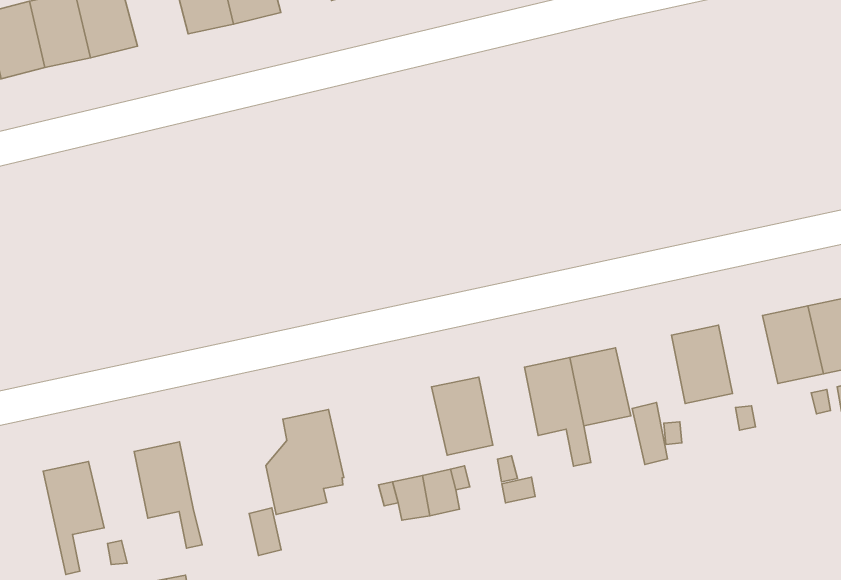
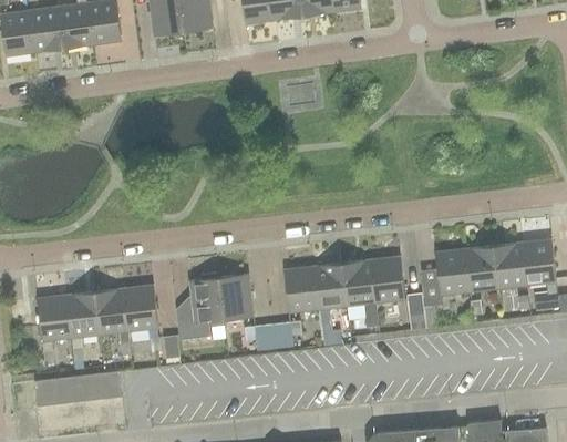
building: none -> [465,245,498,291]
building: none -> [313,263,347,309]
building: none -> [218,274,252,320]
building: none -> [124,285,161,351]
building: none -> [66,291,100,337]

